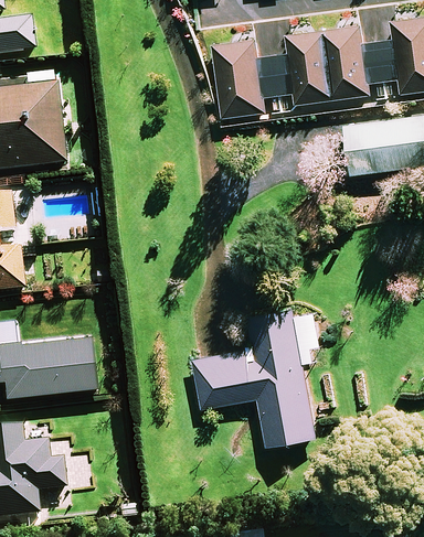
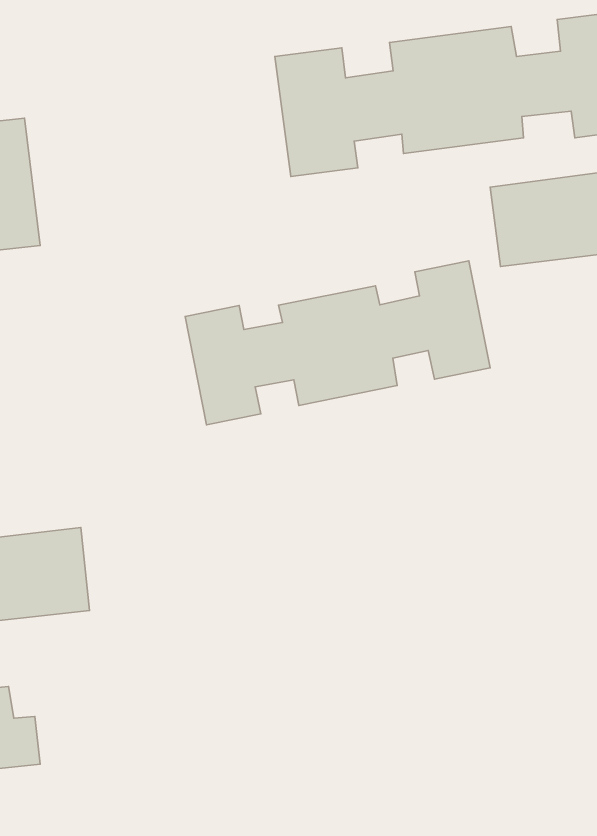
building: none -> [185,261,490,425]
building: [193,310,317,447] -> none

